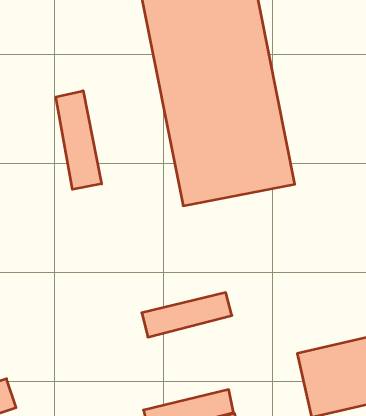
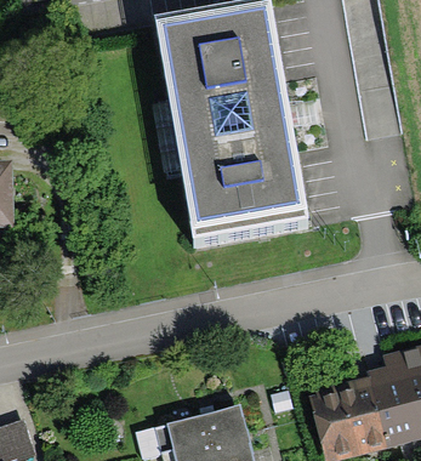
building: [56,91,102,189] -> none
building: [142,293,232,337] -> [153,406,244,451]

